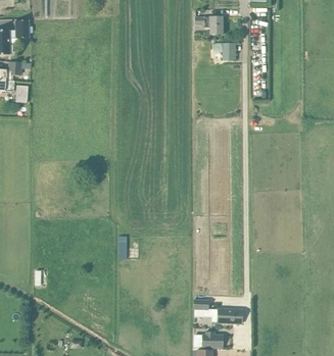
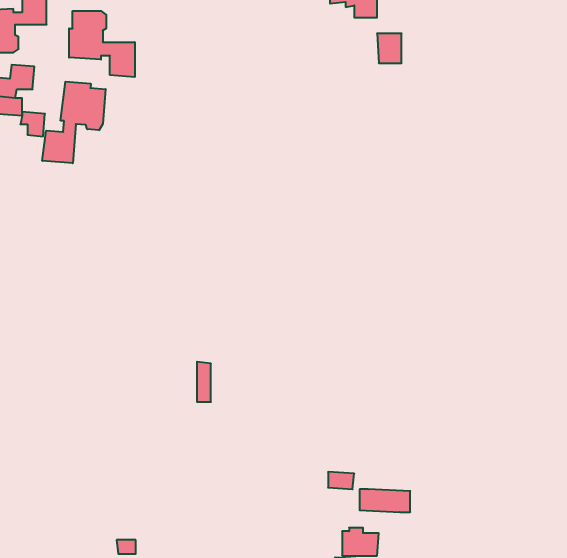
building: none -> [69,11,135,77]
building: none -> [42,82,106,163]

